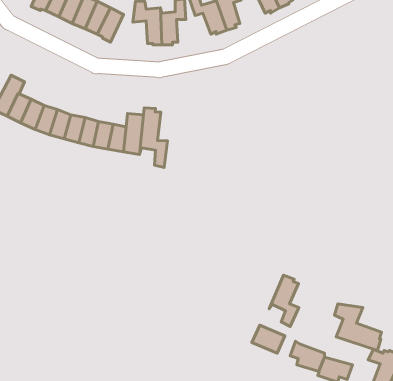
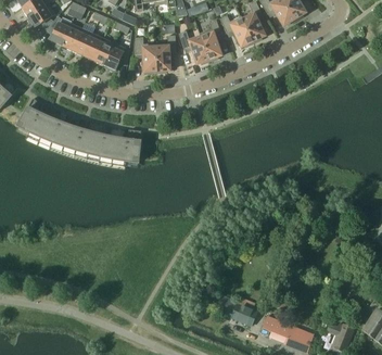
building: [140,108,167,167] -> none
building: [269,275,299,327] -> none
building: [335,304,381,350] -> none

